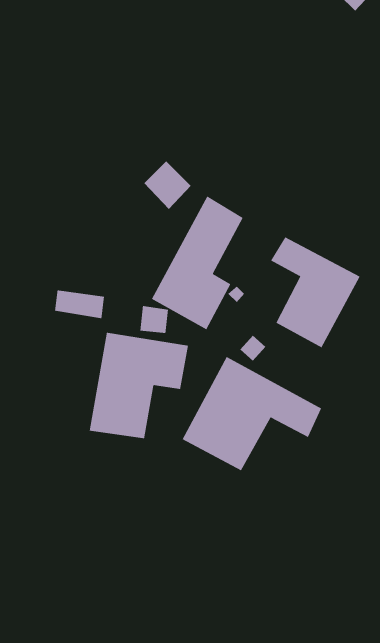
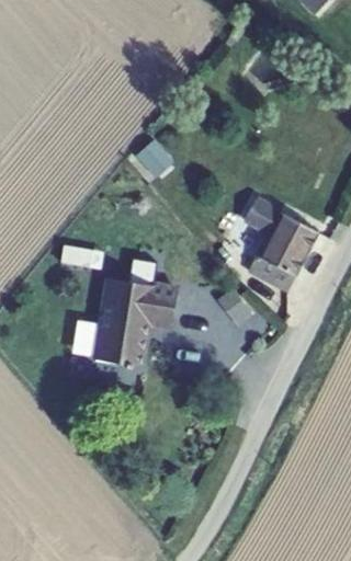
building: [151,195,244,330] -> none
building: [182,356,322,471] -> none

